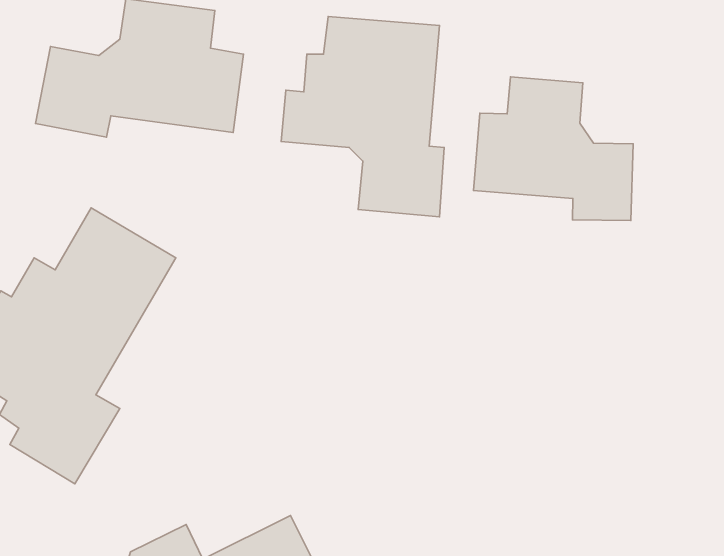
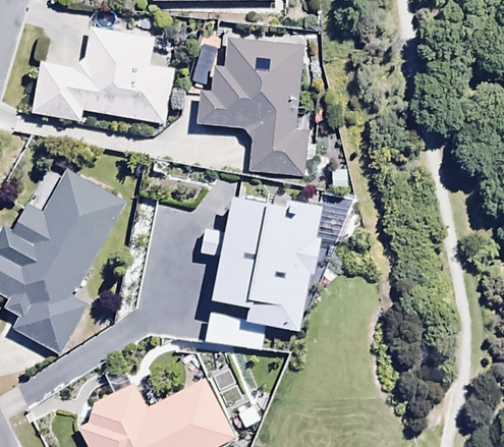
building: [473,77,633,221] -> none
building: none -> [205,198,324,330]

